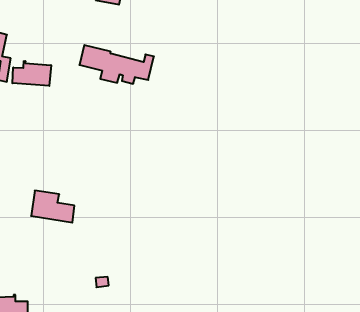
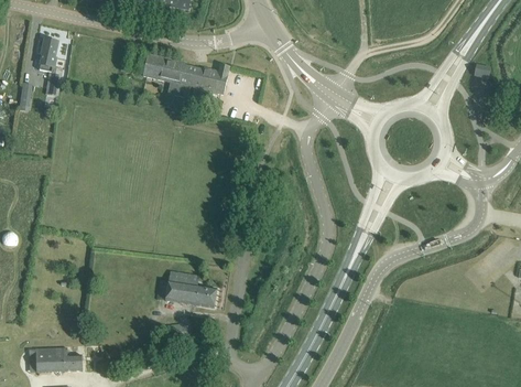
building: [12,61,51,86] -> none
building: [31,191,74,223] -> [165,270,216,308]

